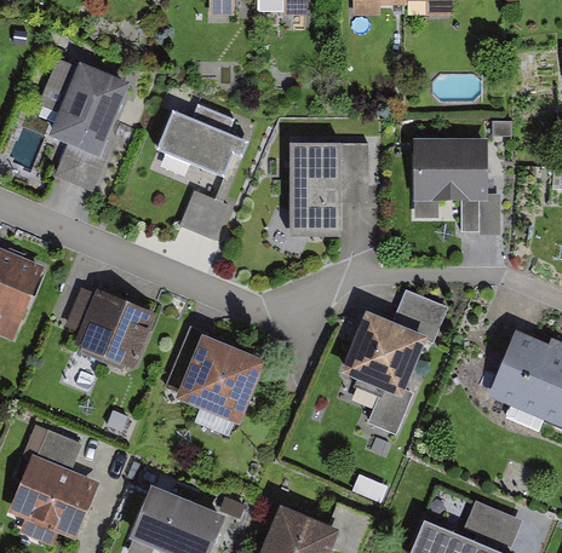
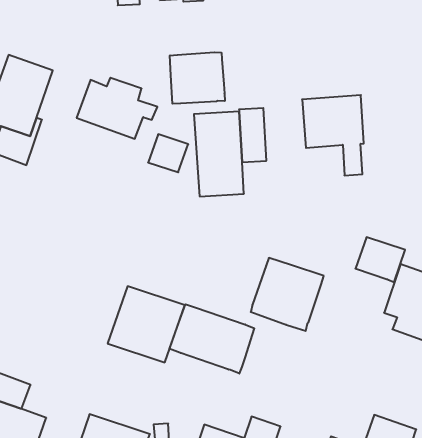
building: none -> [170,52,225,104]
building: [178,184,225,229] -> [148,134,188,172]
building: [64,287,157,370] -> none
building: [390,289,448,342] -> [355,237,405,282]
building: none -> [169,304,254,374]
building: [367,391,413,436] -> none

